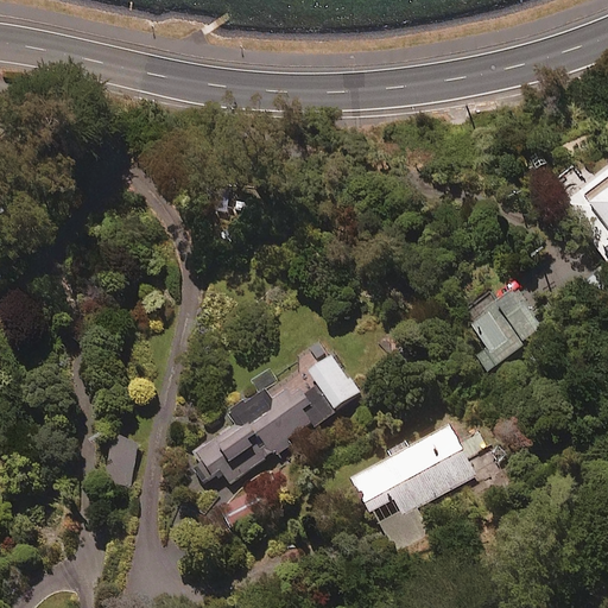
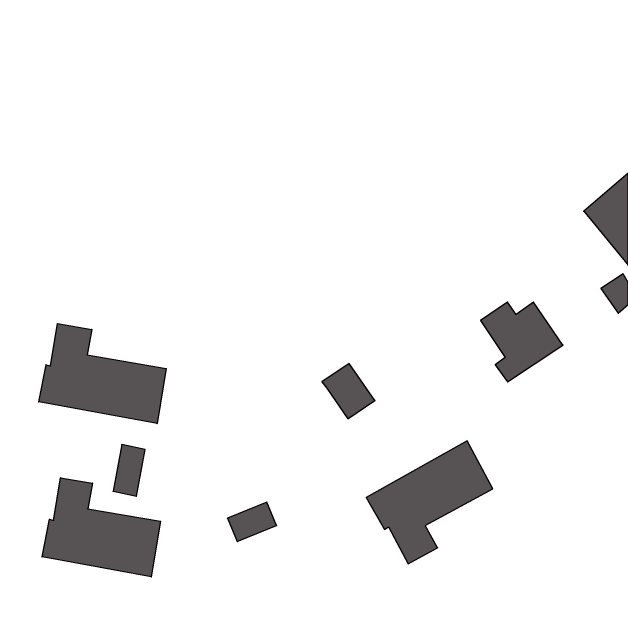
building: none -> [39,324,166,424]
building: [194,379,336,474] -> none
building: none -> [42,478,161,577]

